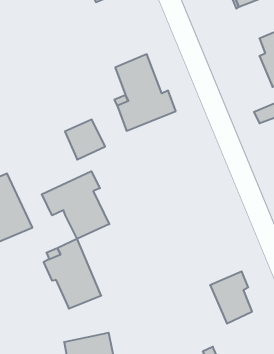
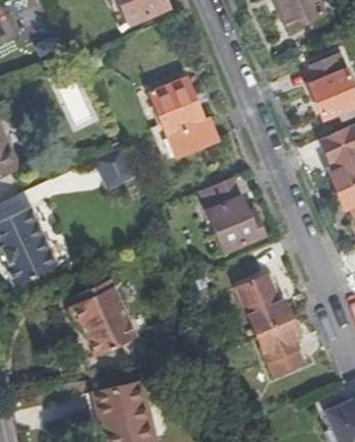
building: none -> [201,175,264,247]
building: [42,171,109,239] -> none
building: none -> [236,276,290,331]

